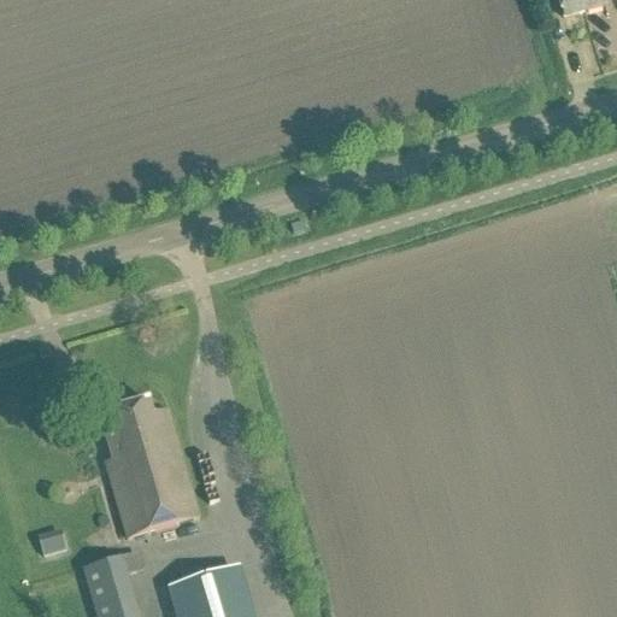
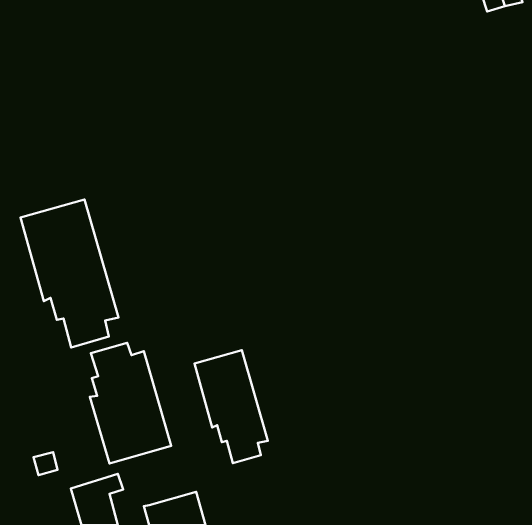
building: none -> [21,199,118,347]
building: none -> [194,350,268,463]

